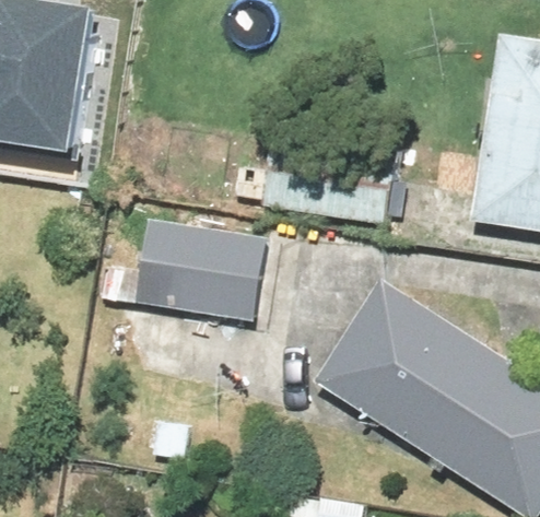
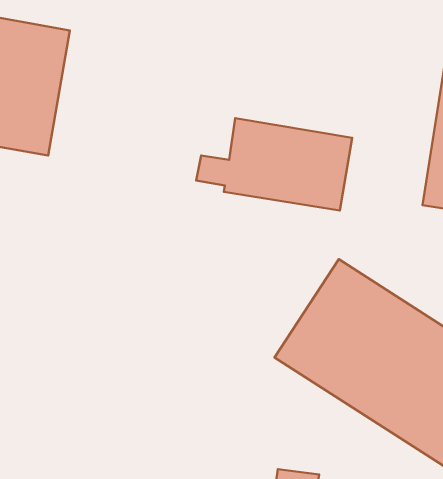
building: [97,220,266,321] -> none

